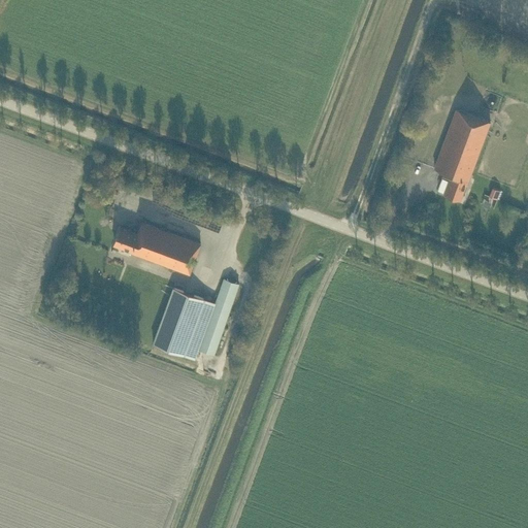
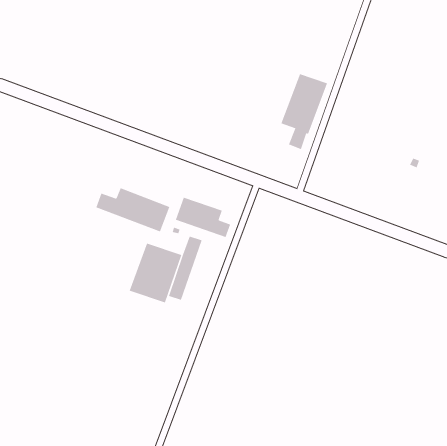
building: [434,111,490,201] -> [280,73,328,150]
building: none -> [175,197,231,238]

